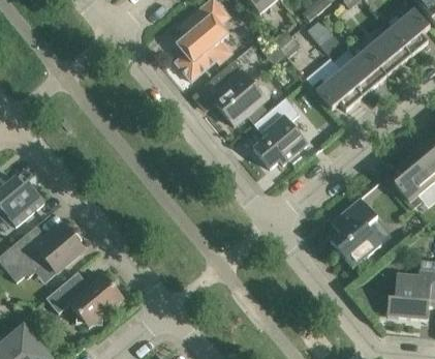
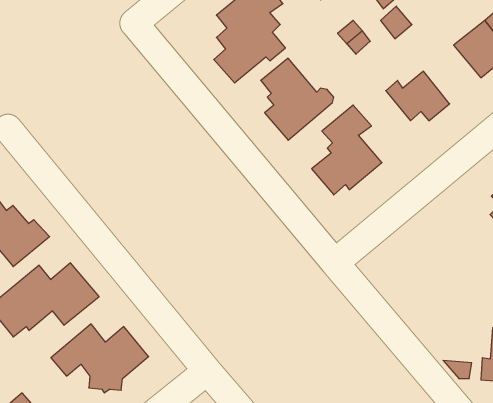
building: [341,39,386,96] -> none
building: [330,197,380,268] -> none

